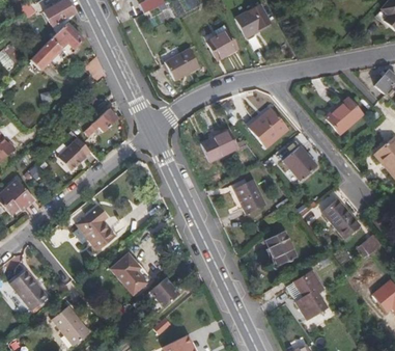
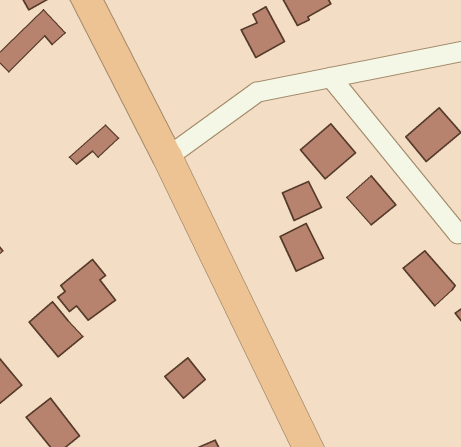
building: [164,48,199,80] -> none
building: [209,130,237,158] -> [283,181,322,220]
building: [58,137,91,170] -> none
building: [264,231,295,265] -> none
building: [111,253,149,293] -> [29,302,83,357]
building: [292,271,326,320] -> none

